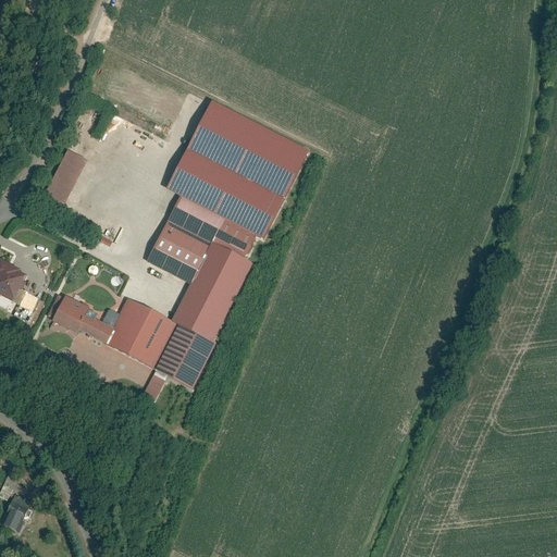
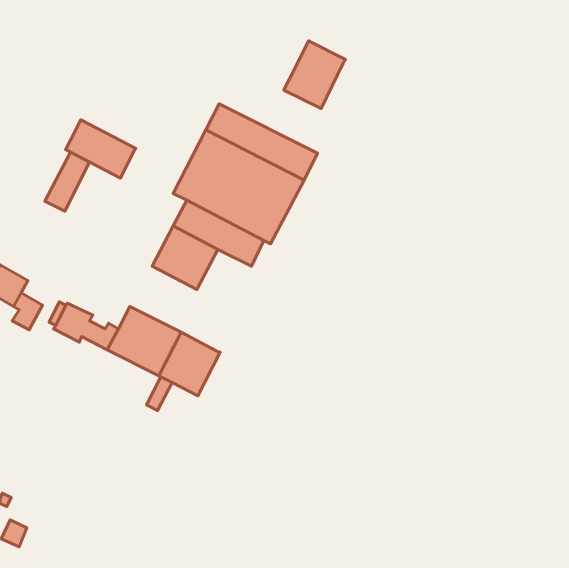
building: none -> [284,41,346,109]
building: none -> [65,120,136,178]
building: [172,243,251,342] -> none

